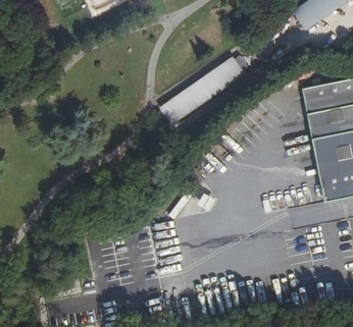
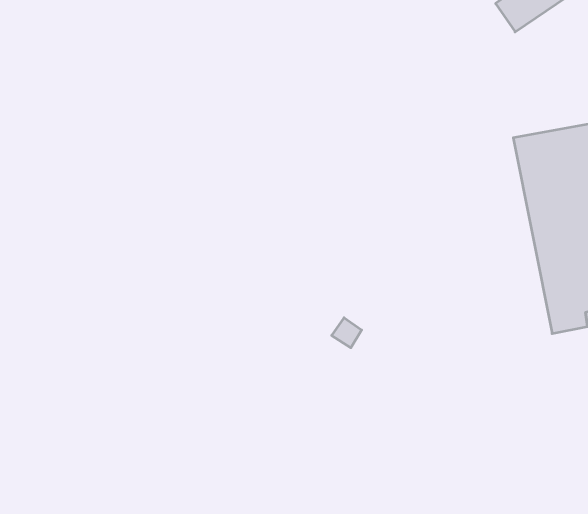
building: [160,57,246,123] -> none

